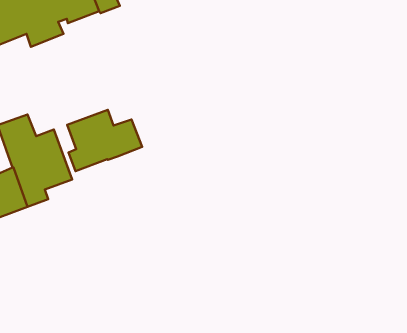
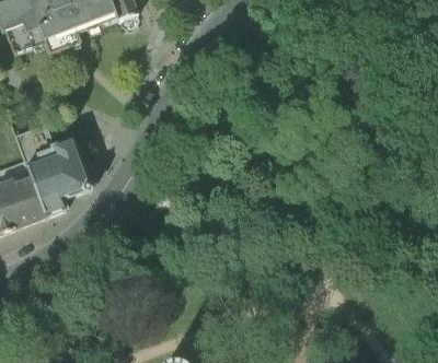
building: [67,110,142,171] -> none

